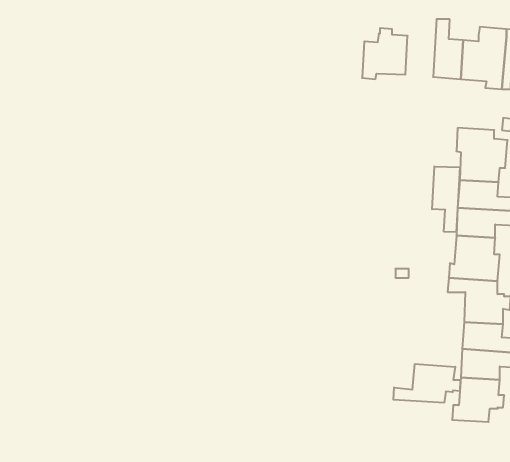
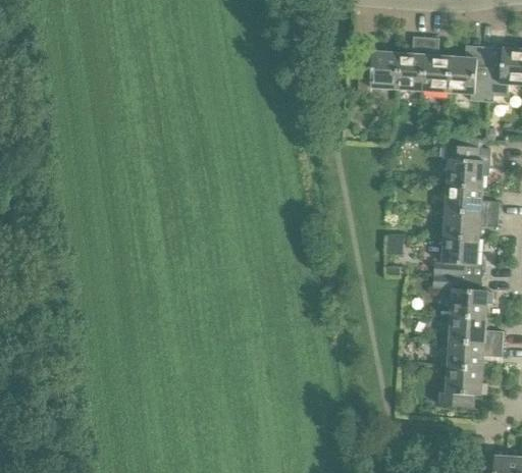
building: none -> [397,37,425,91]
building: [432,166,460,232] -> none
building: [393,364,460,403] -> none

